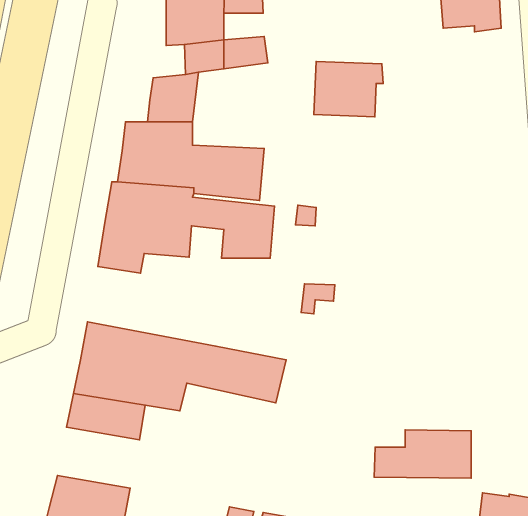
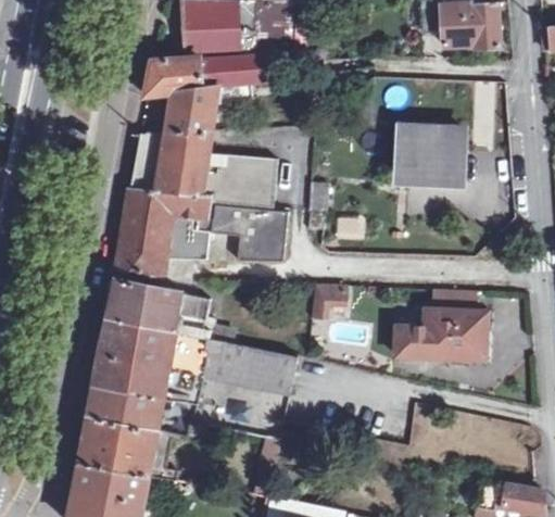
building: none -> [143,61,201,96]
building: [314,61,383,117] -> [396,127,462,179]
building: none -> [109,281,231,344]
building: none -> [80,420,157,478]
building: [374,430,471,478] -> [394,312,485,357]

